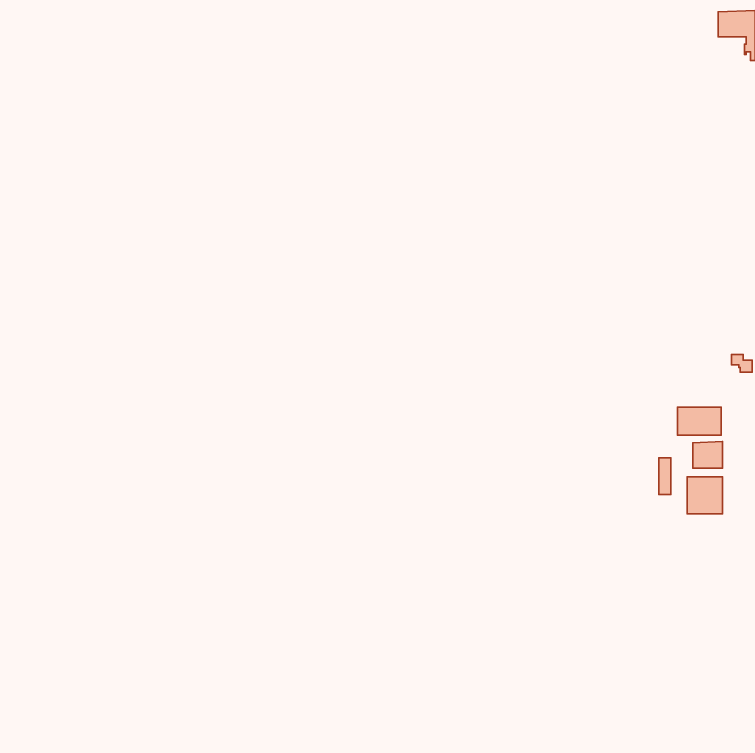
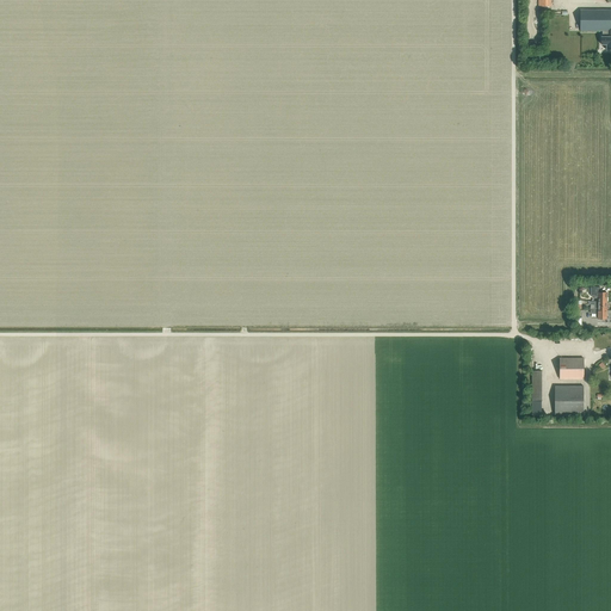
building: [677,407,721,435] -> none

